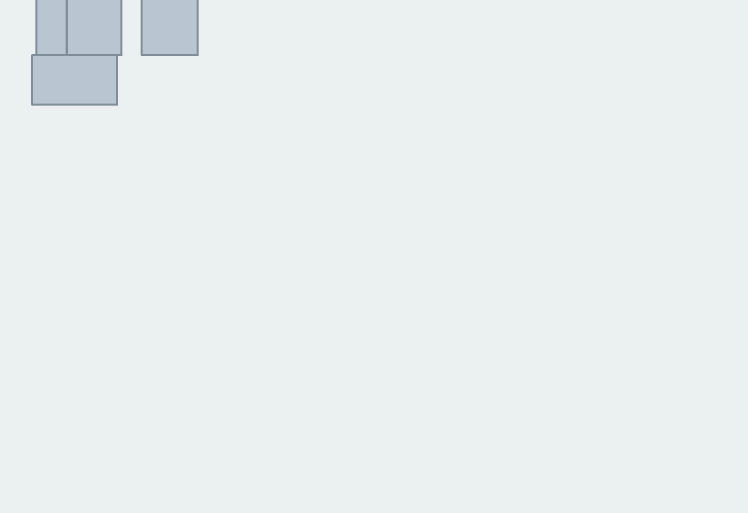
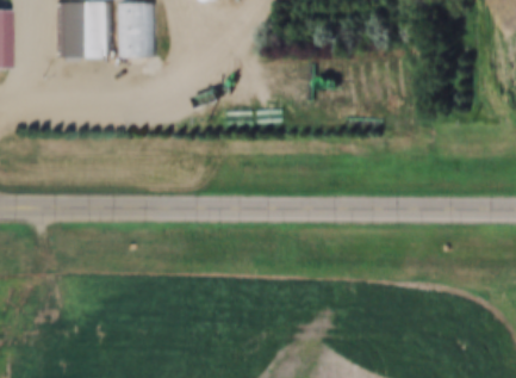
building: [32,55,117,105] -> none

